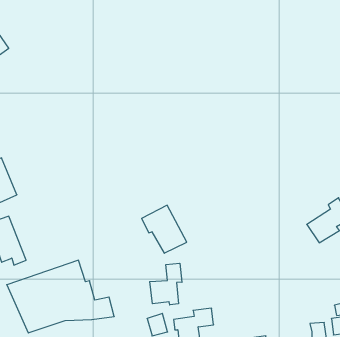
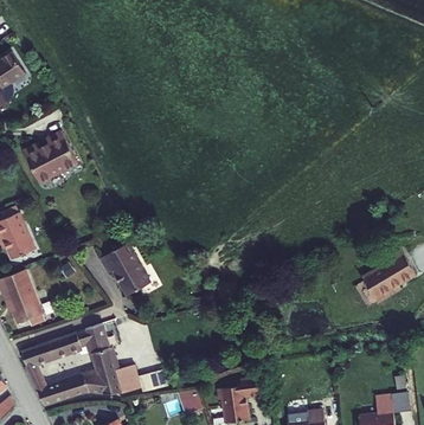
building: none -> [19,130,76,179]
building: [142,205,187,253] -> [98,243,150,298]
building: [150,263,182,305] -> none

